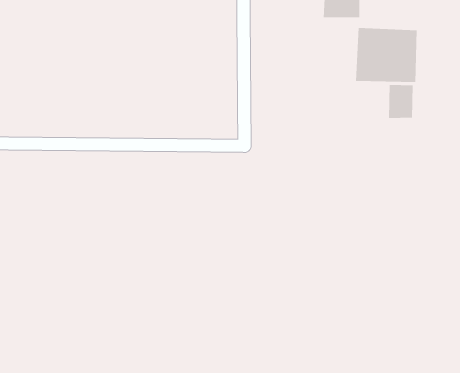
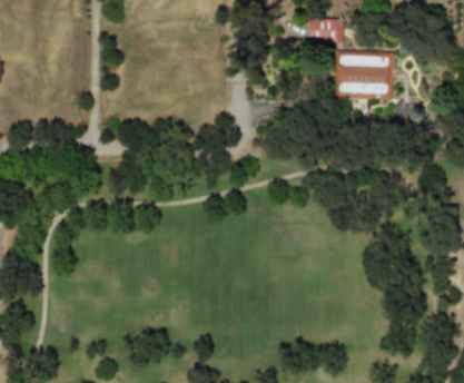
building: [388,84,413,119] -> none

